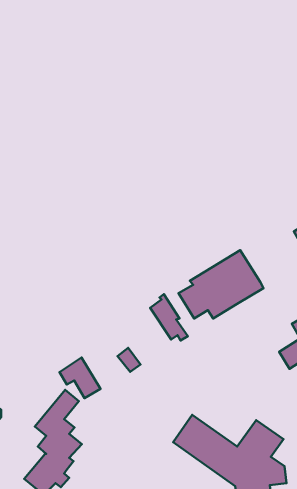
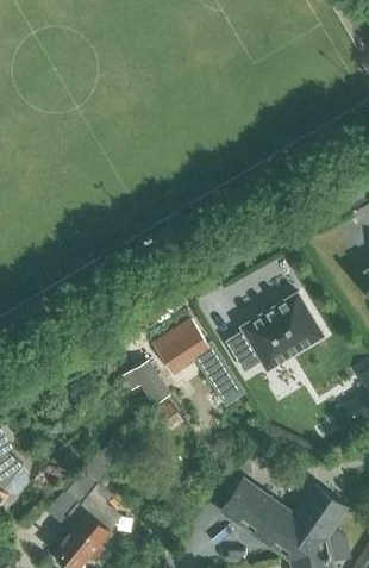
building: none -> [152,320,208,373]
building: [59,357,100,398] -> [124,358,170,405]

